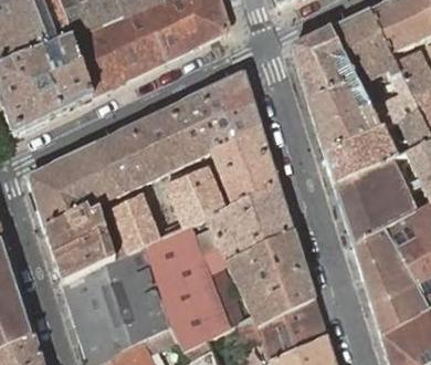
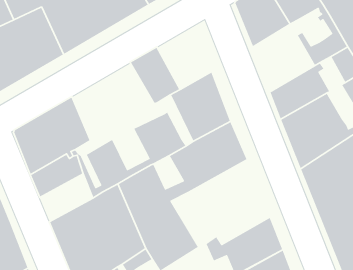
building: [200,72,261,143] -> none
building: [309,77,379,154] -> none
building: [98,107,192,194] -> none
building: [224,229,315,324] -> none
building: [53,231,114,283] -> none

